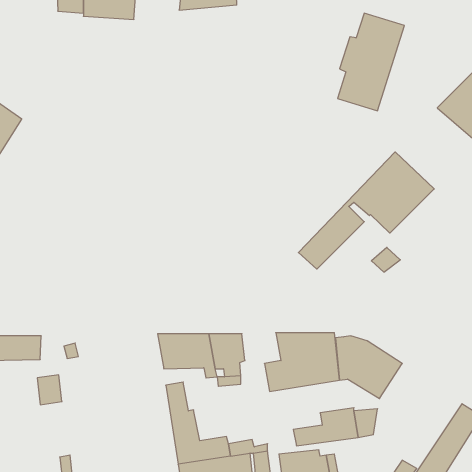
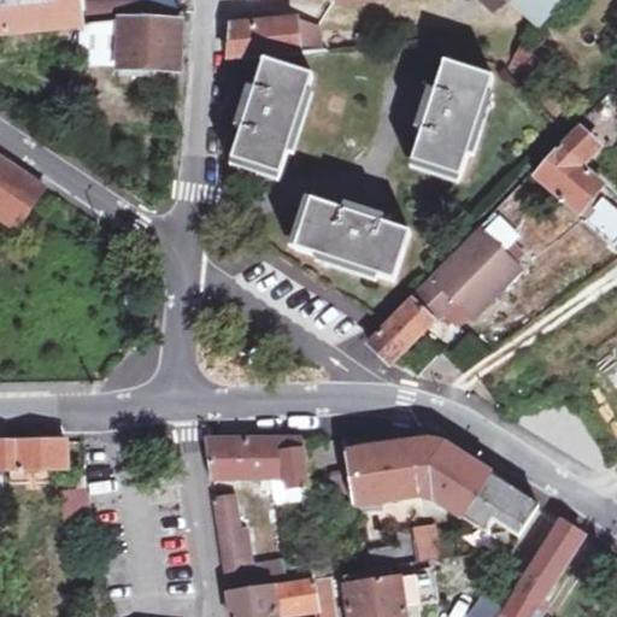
building: none -> [233,60,313,174]
building: none -> [295,198,411,280]
building: none -> [463,472,537,534]

